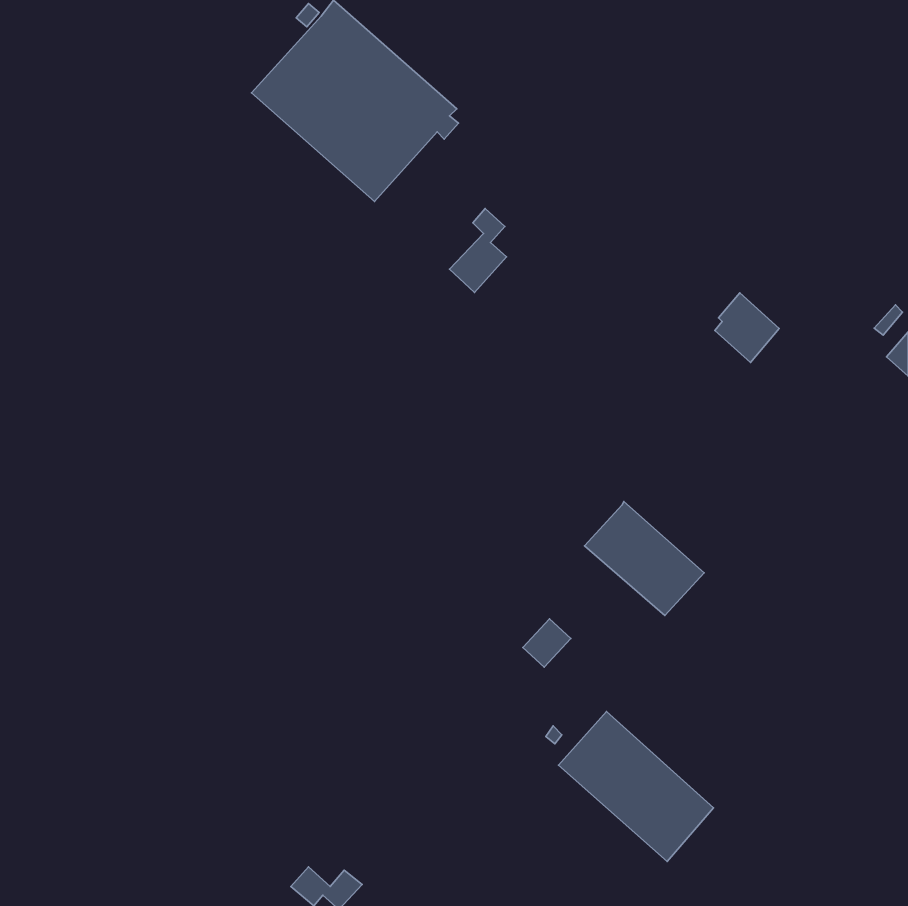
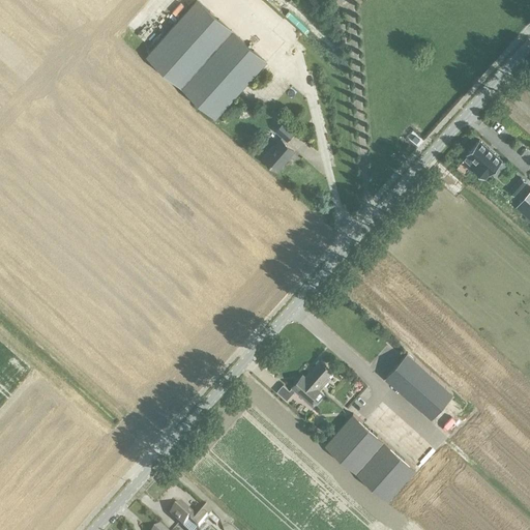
building: [715,293,779,362] -> [463,142,500,182]
building: [585,501,704,616] -> [383,354,452,420]
building: none -> [274,377,318,404]

